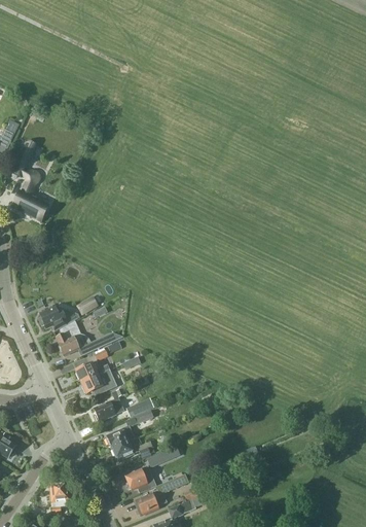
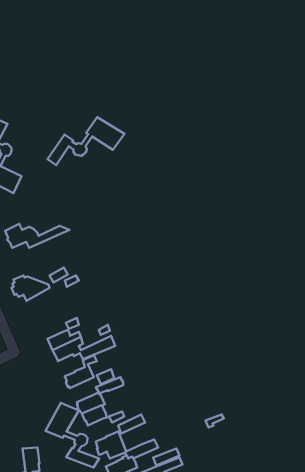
building: none -> [48,117,125,165]
building: [57,329,122,354] -> [5,224,70,248]
building: none -> [46,403,99,467]

